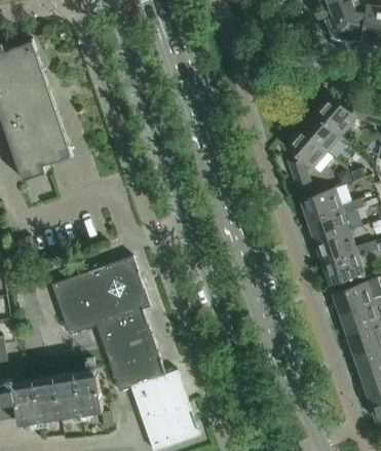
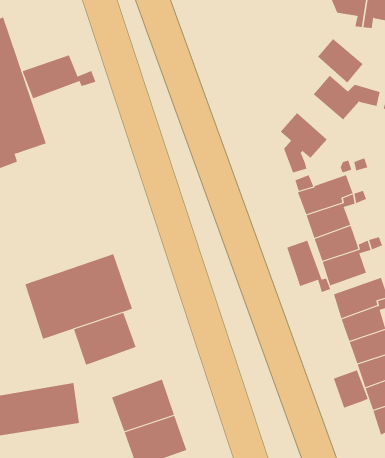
building: none -> [22,54,96,99]
building: [300,111,342,152] -> [317,38,363,83]
building: none -> [287,240,331,293]
building: [108,341,166,391] -> none
building: none -> [333,369,369,409]

